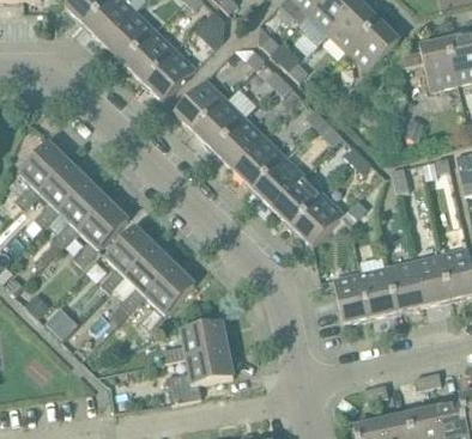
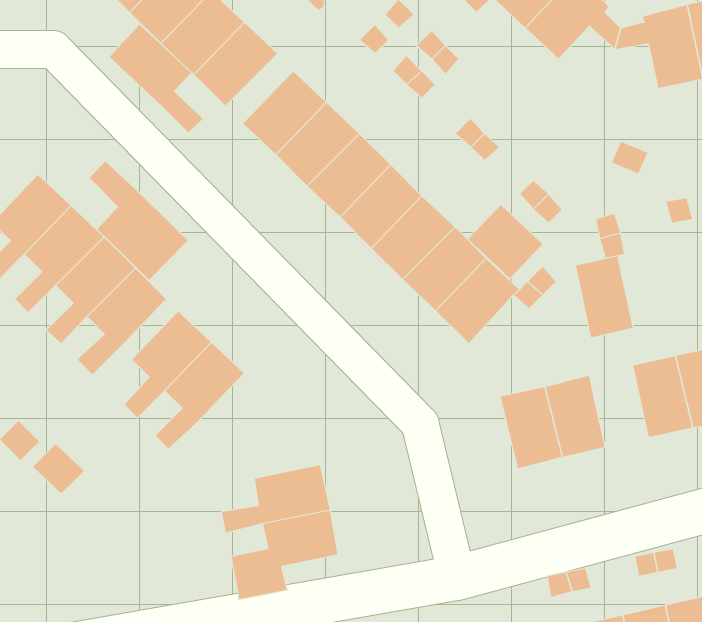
building: none -> [109,24,204,133]
building: none -> [89,161,189,280]
building: none -> [467,204,543,279]
building: [387,260,423,310] -> [575,256,633,338]
building: [139,264,194,330] -> none

